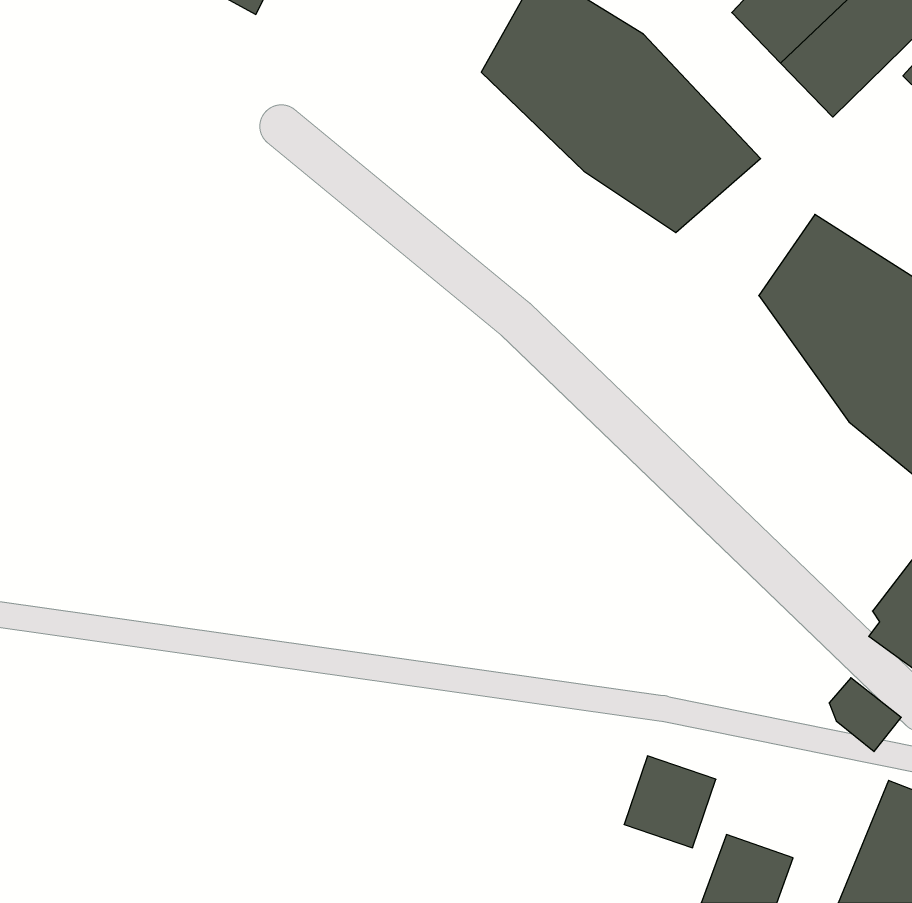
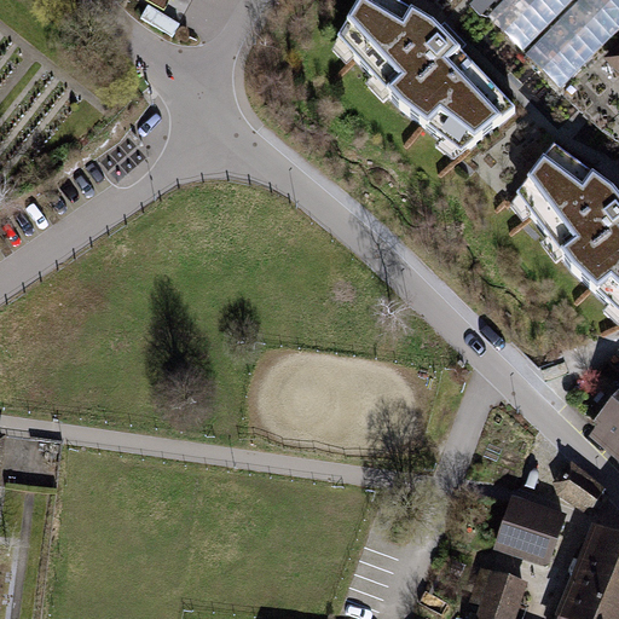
building: [624,756,716,848] -> [507,493,568,555]

